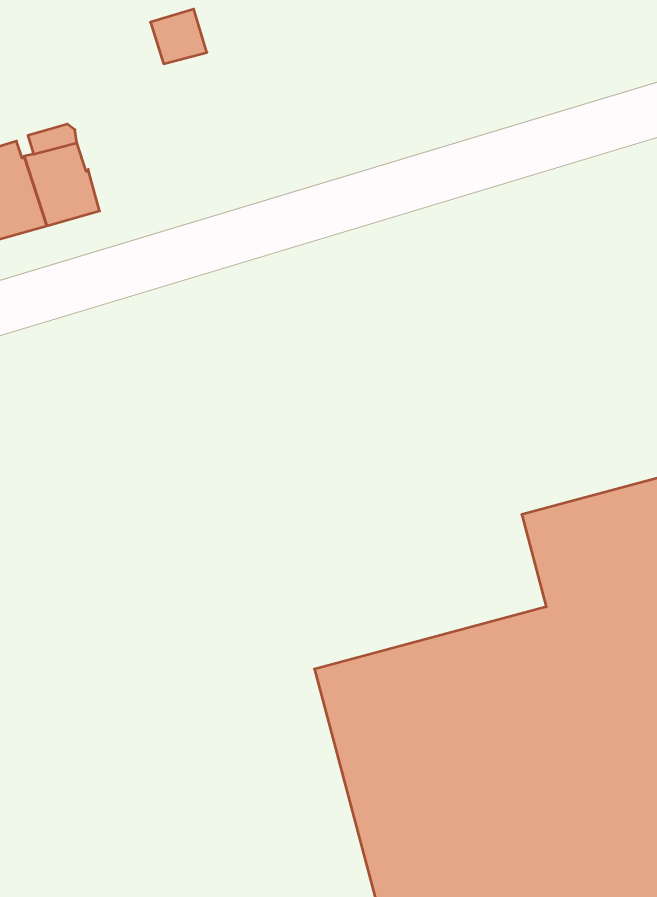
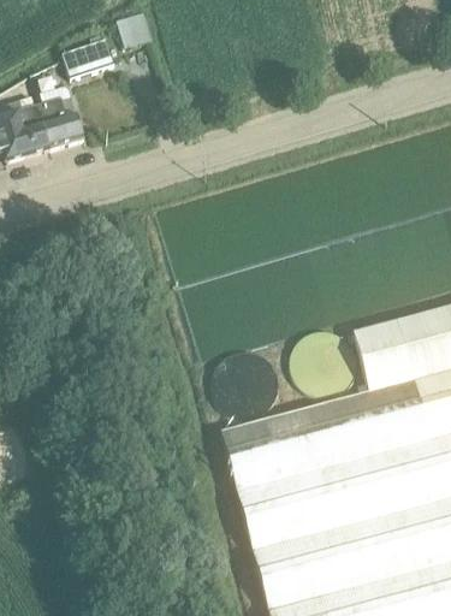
building: none -> [63,40,115,79]

